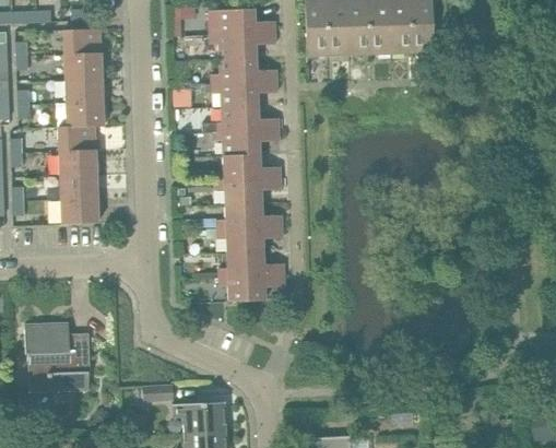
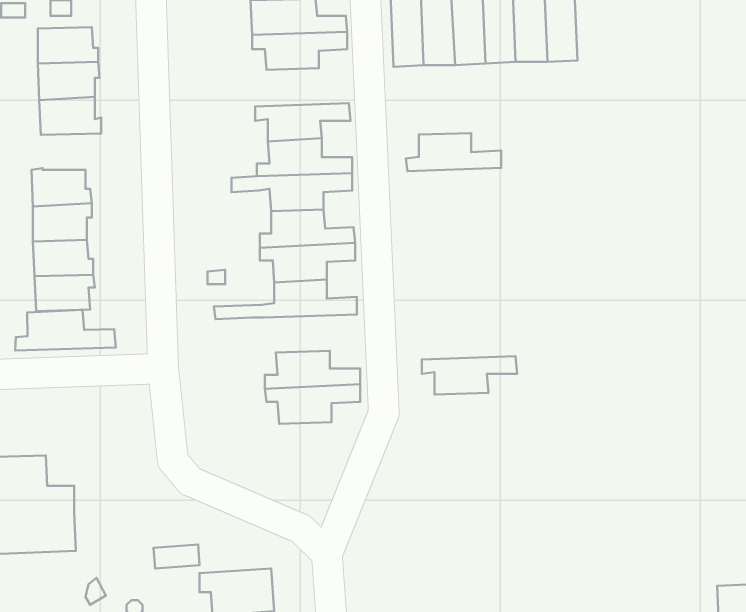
building: [211,57,276,83] -> [406,133,501,171]
building: [64,102,106,127] -> none
building: none -> [15,310,116,351]
building: [217,226,283,252] -> [422,356,517,394]

